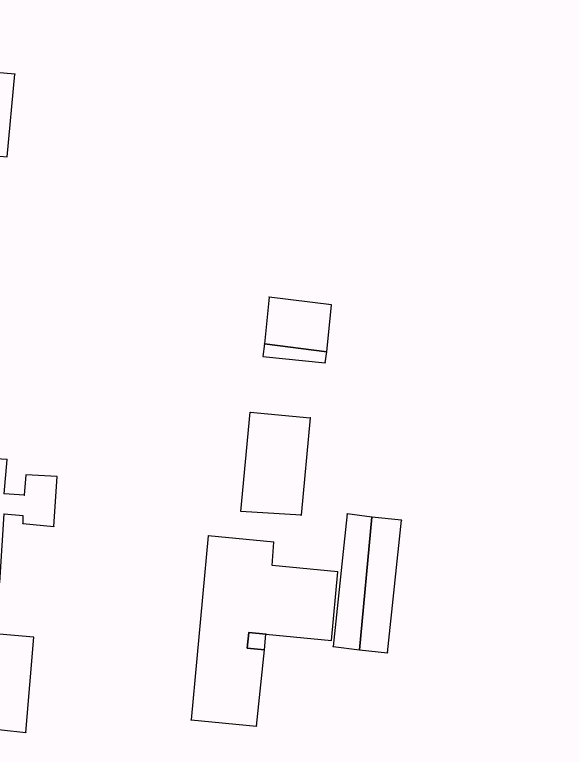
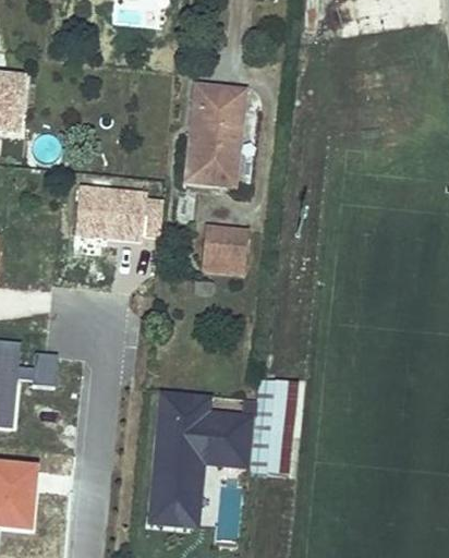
building: none -> [184,86,243,186]
building: none -> [74,186,159,240]
building: [241,412,310,515] -> none

